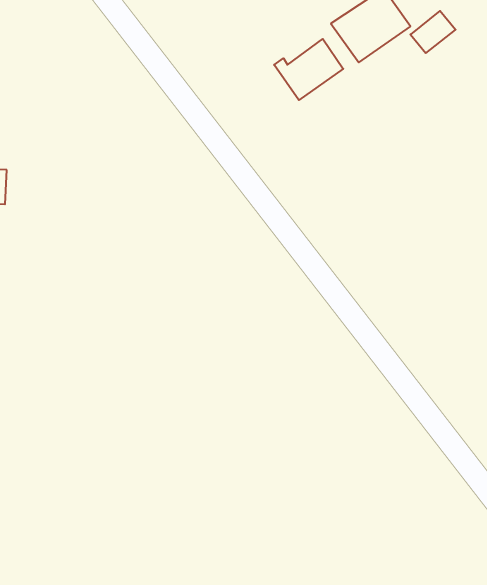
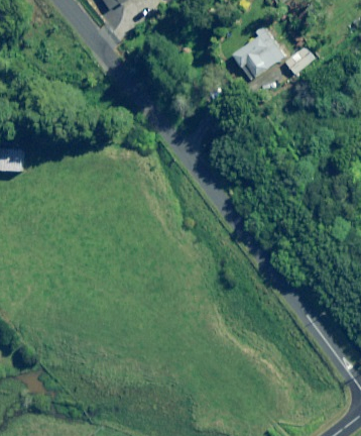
building: [274,39,343,100] -> none

